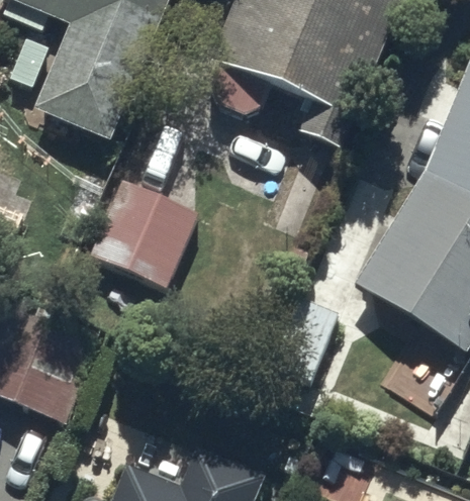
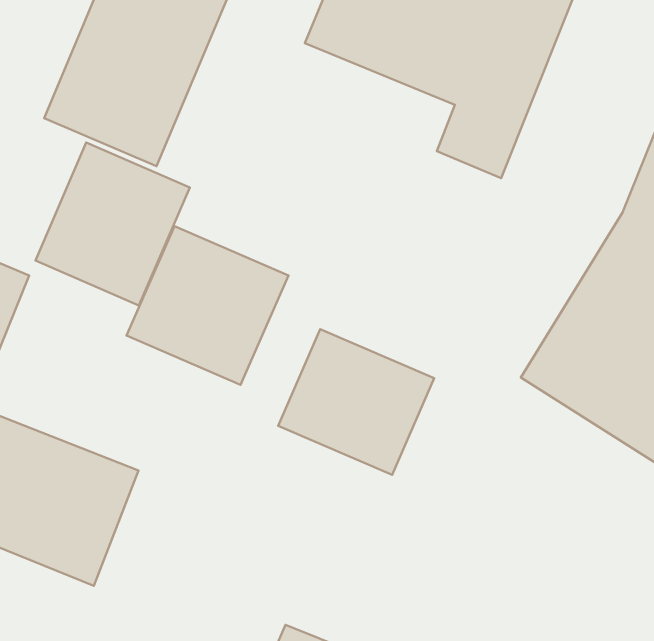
building: none -> [35,143,190,306]
building: none -> [278,329,434,475]

